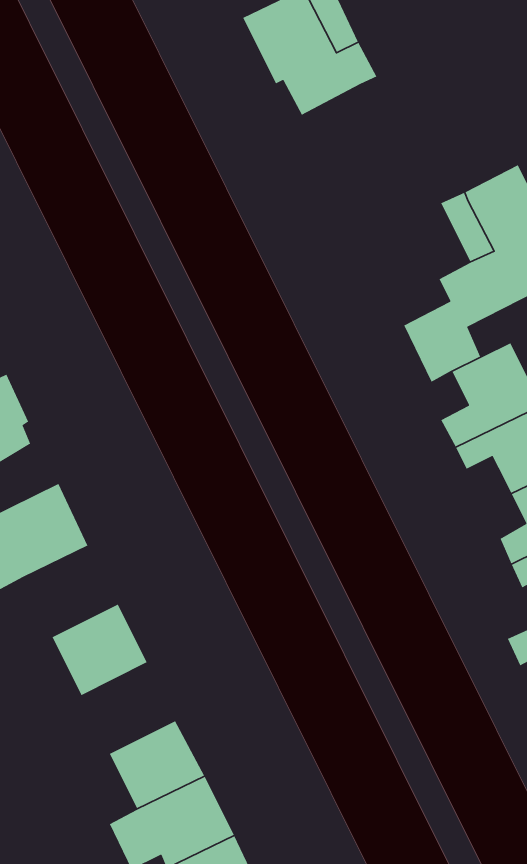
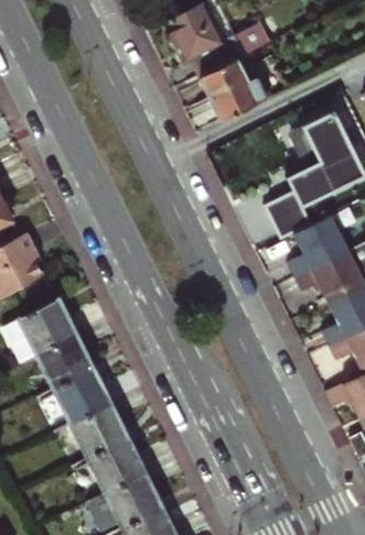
building: none -> [203,62,271,121]
building: none -> [37,336,94,390]
building: none -> [72,405,128,459]

